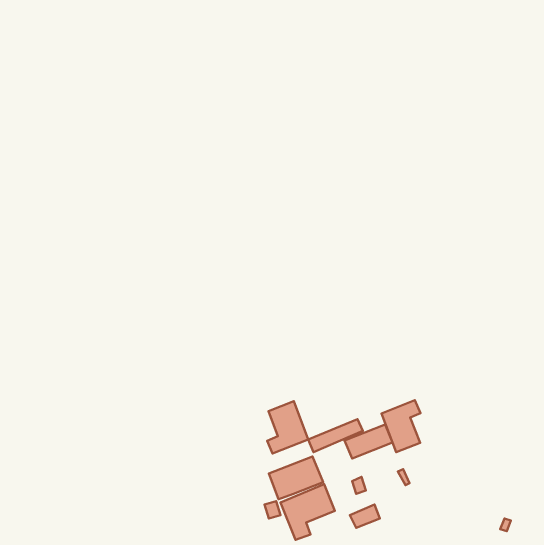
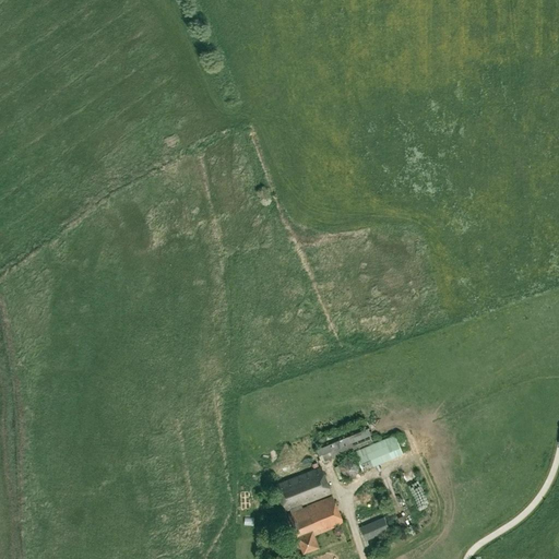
building: [381,400,420,452] -> none
building: [267,401,308,453] -> none

